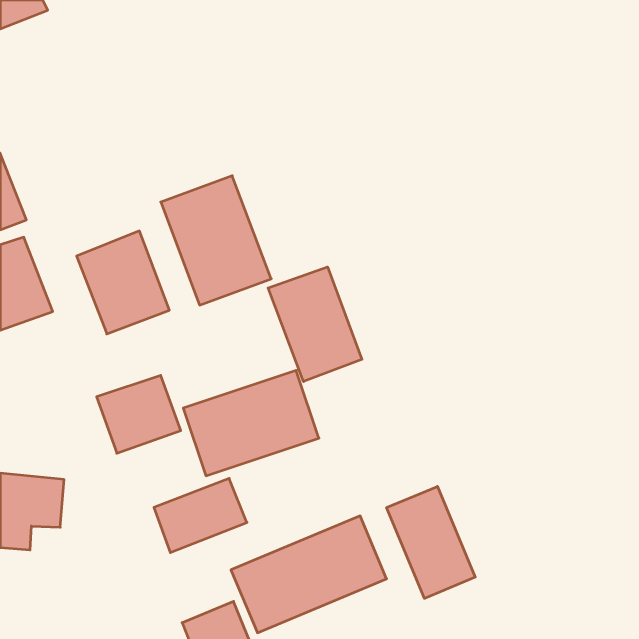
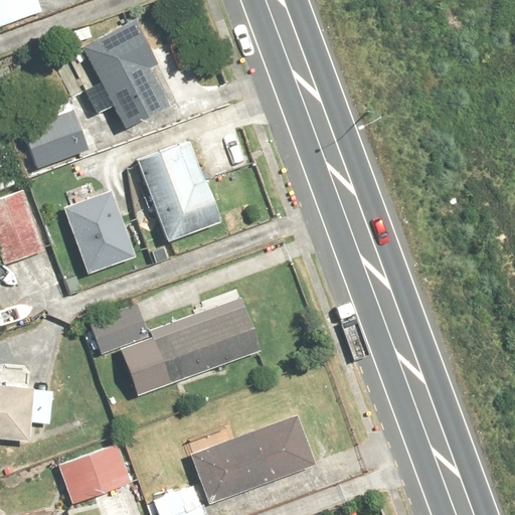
building: none -> [11,15,180,171]
building: [268,267,362,382] -> none
building: [154,478,247,553] -> [56,446,131,505]
building: [387,486,475,598] -> none

